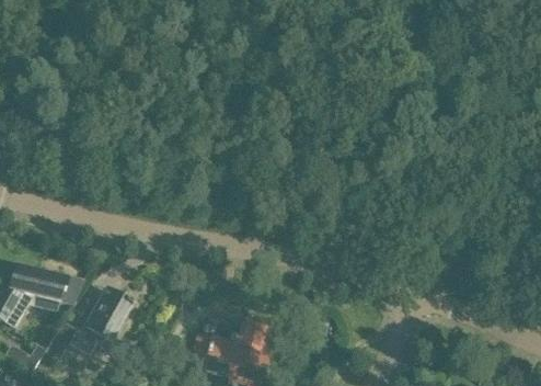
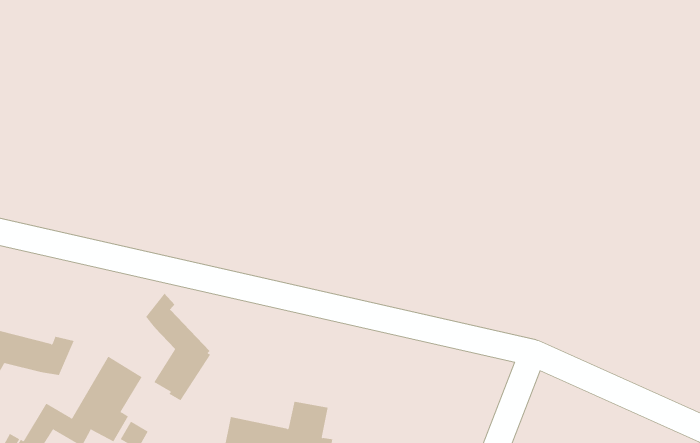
building: none -> [146,293,211,401]

